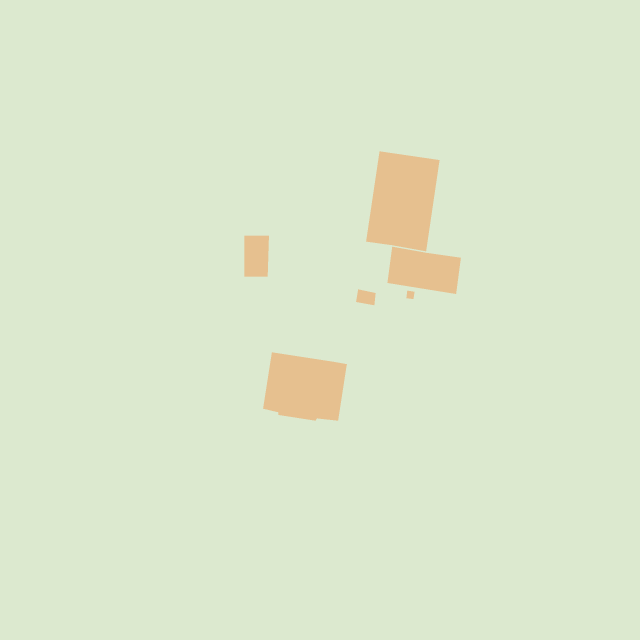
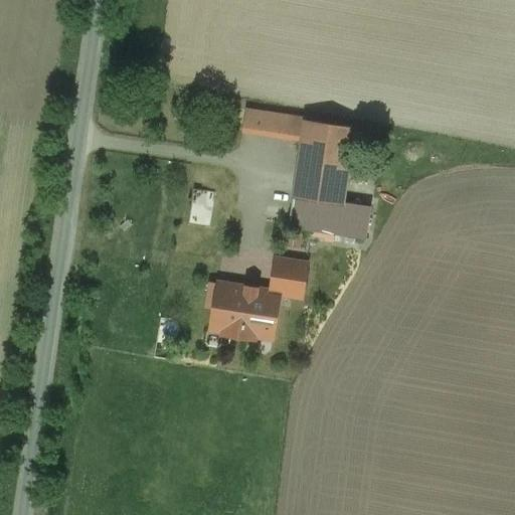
building: none -> [243,109,298,135]
building: none -> [288,194,314,227]
building: none -> [270,258,307,297]

